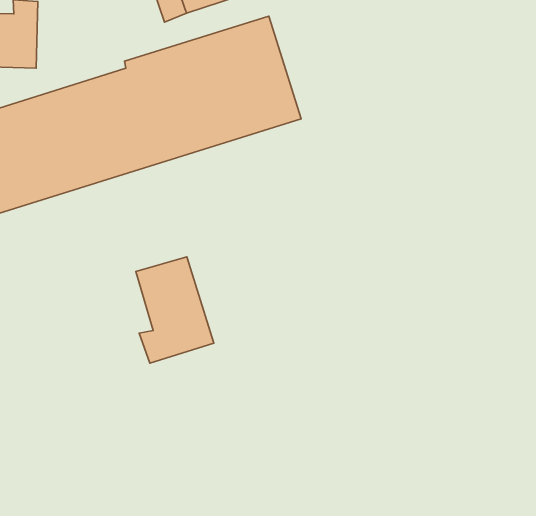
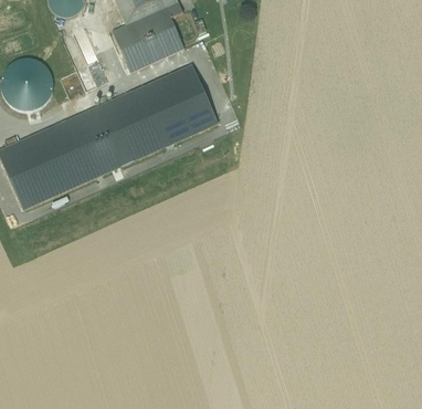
building: [136,257,214,363] -> none

